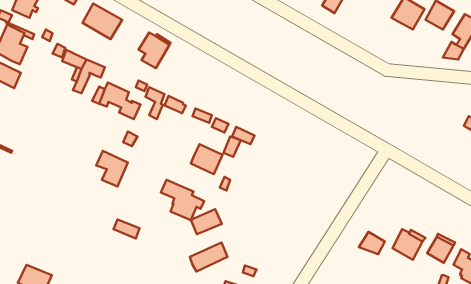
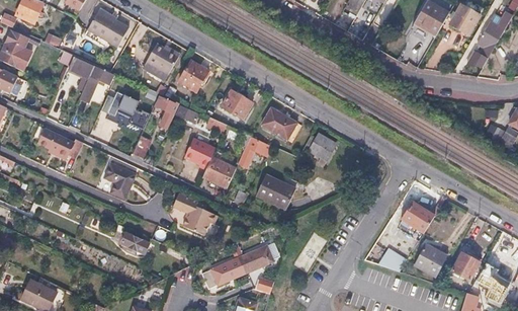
building: none -> [179,60,208,90]
building: none -> [222,90,253,119]
building: none -> [261,107,296,140]
building: none -> [38,129,83,159]
building: none -> [300,134,333,160]
building: none -> [184,138,215,168]
building: none -> [256,173,295,209]
building: none -> [402,203,433,232]
building: [191,209,222,234] -> [236,247,268,274]

